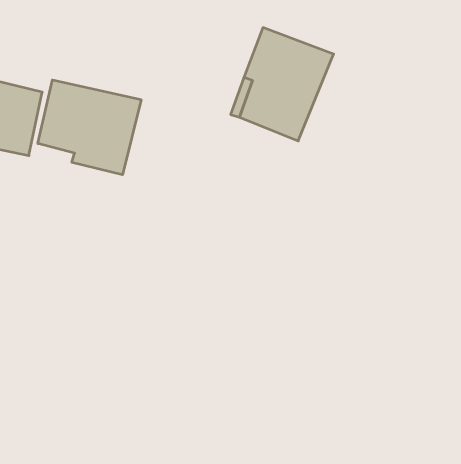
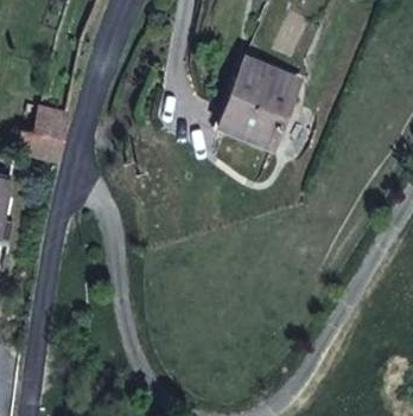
building: [38,80,141,175] -> none

